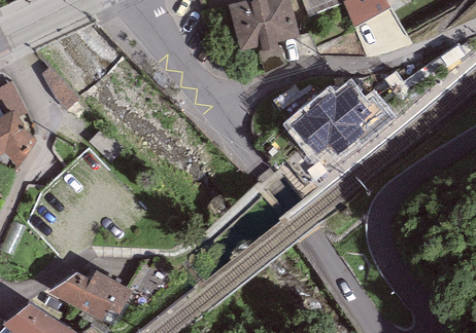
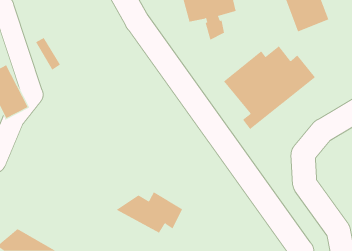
building: [47,268,130,320] -> [116,192,183,233]

